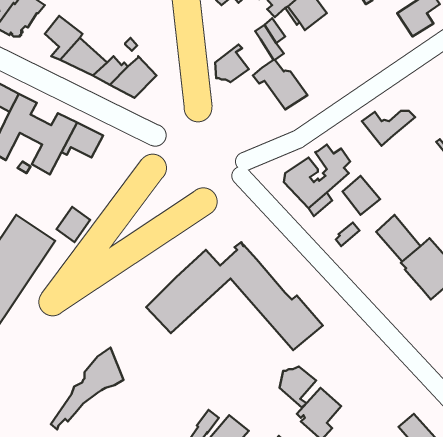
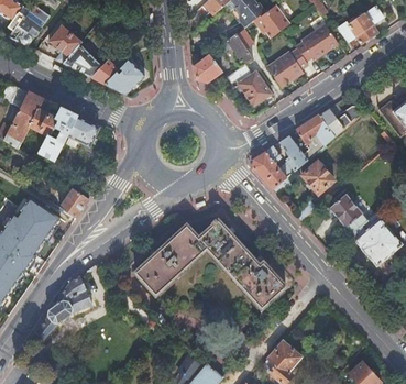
building: none -> [266,24,339,86]
building: none -> [295,114,334,158]
building: [51,347,124,429] -> [30,276,91,345]
building: [280,366,316,407] -> none

